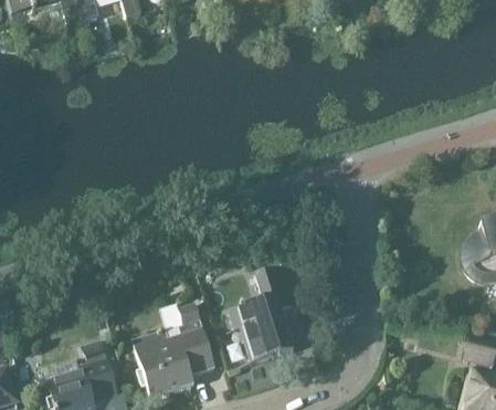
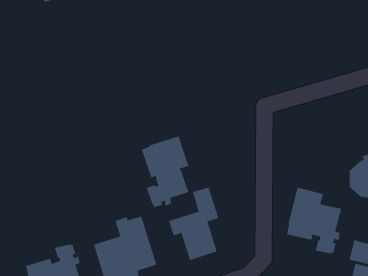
building: none -> [141,135,189,208]
building: none -> [286,187,342,254]

